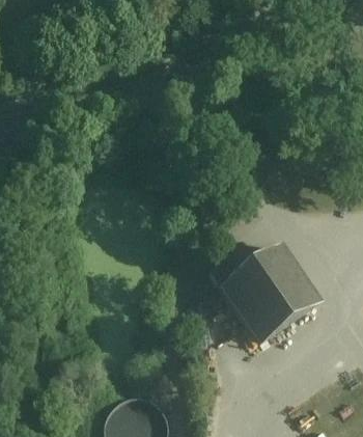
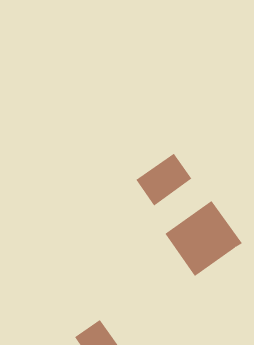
building: none -> [135,153,192,207]

